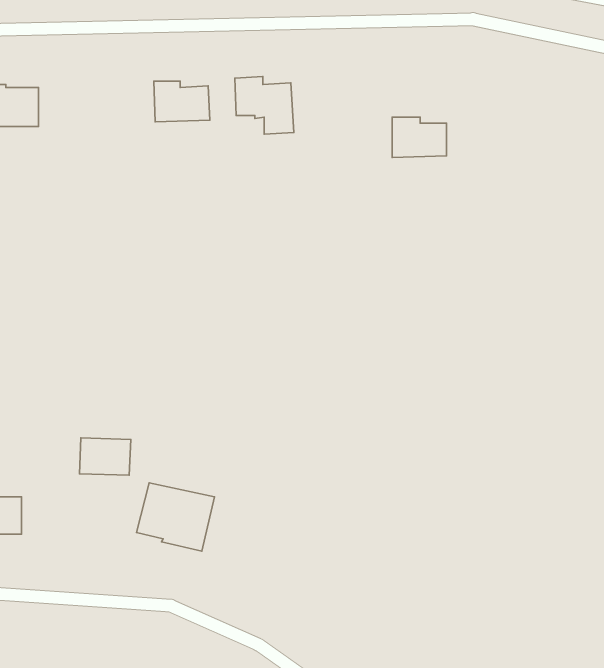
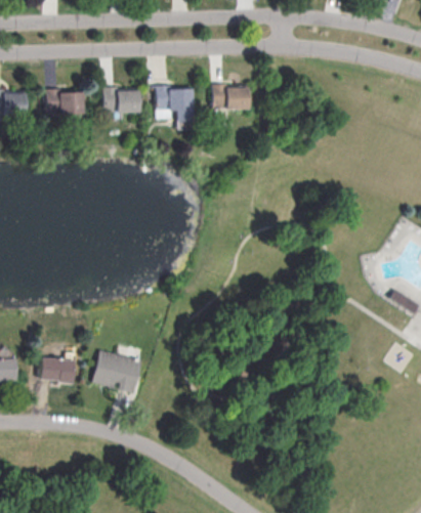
building: none -> [45,87,83,114]
building: [392,117,447,157] -> [212,83,248,110]
building: [79,438,131,475] -> [40,357,74,382]

